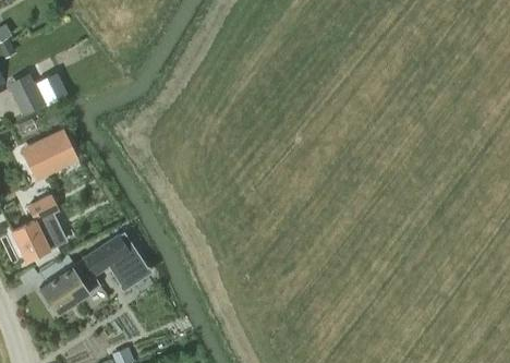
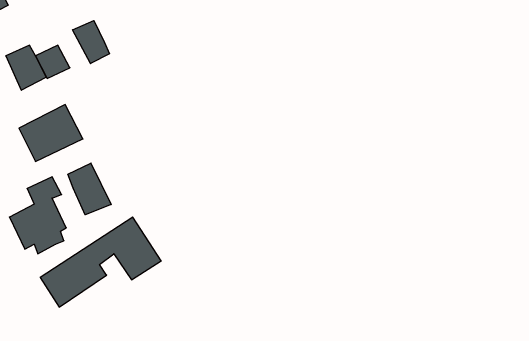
building: none -> [73,21,109,64]
building: none -> [68,163,111,215]

